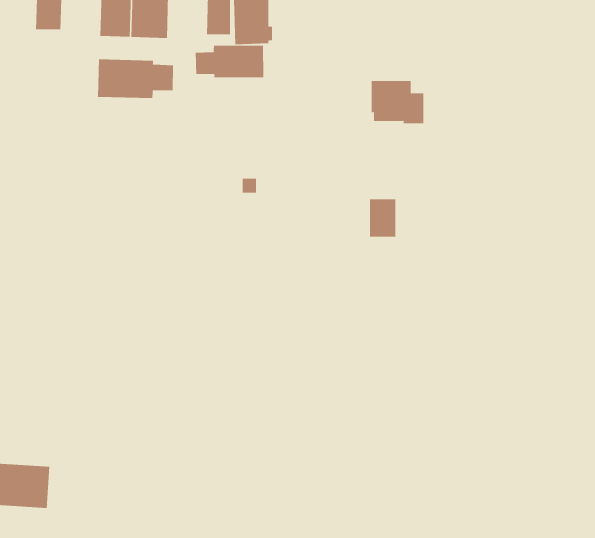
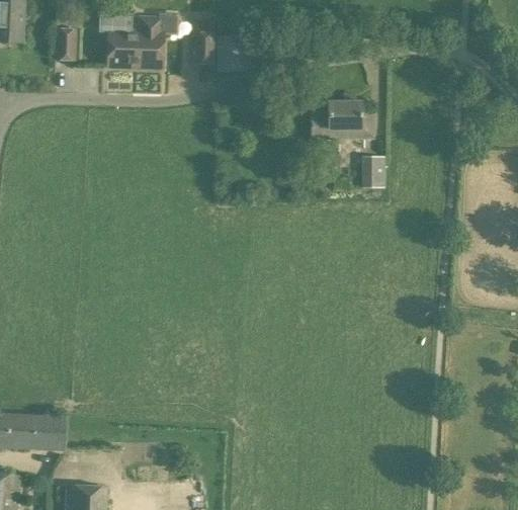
building: [195,45,264,78] -> none
building: [98,59,173,99] -> none
building: [369,199,396,237] -> [361,155,383,186]

